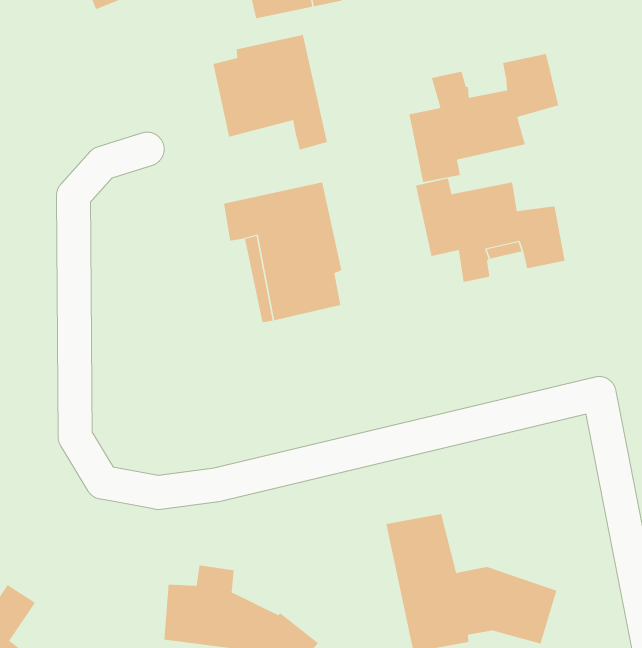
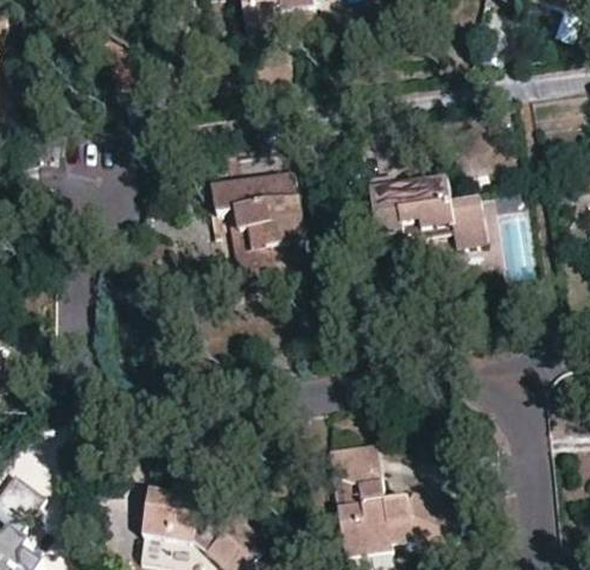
building: [213,34,328,151] -> none
building: [409,53,559,183] -> none

